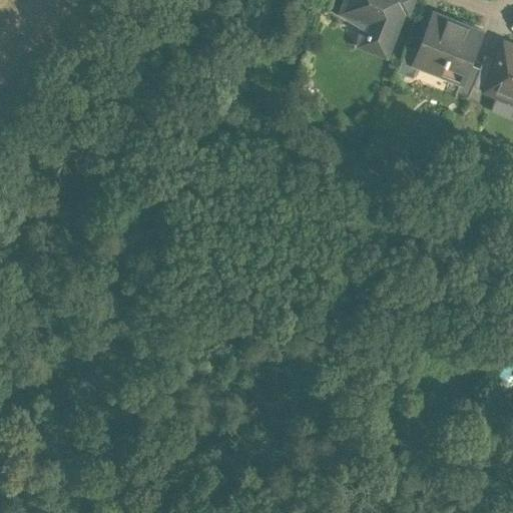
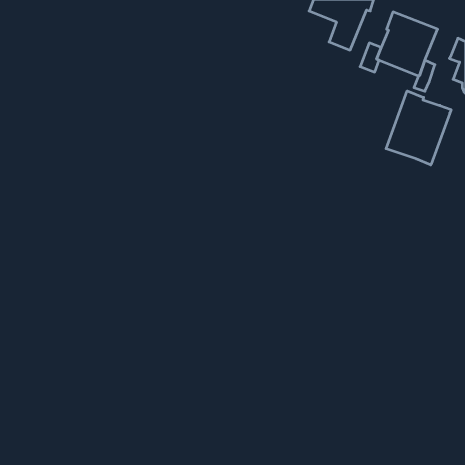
building: [473,58,506,97] -> none
building: none -> [386,91,451,165]

